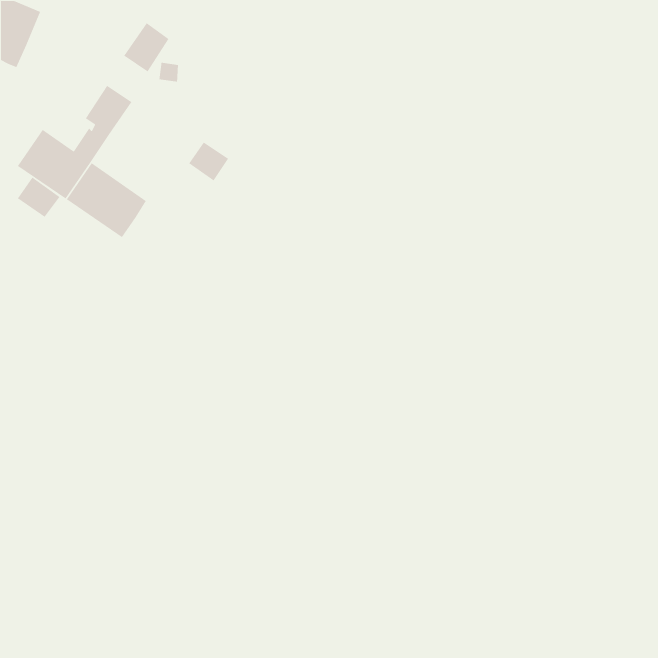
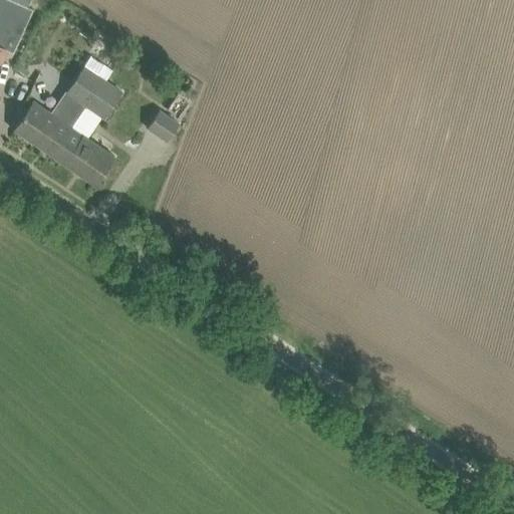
building: [123,22,170,72] -> [85,79,121,118]
building: [17,177,61,218] -> none

